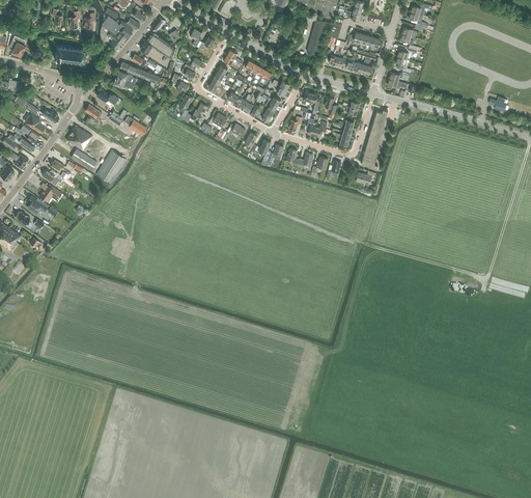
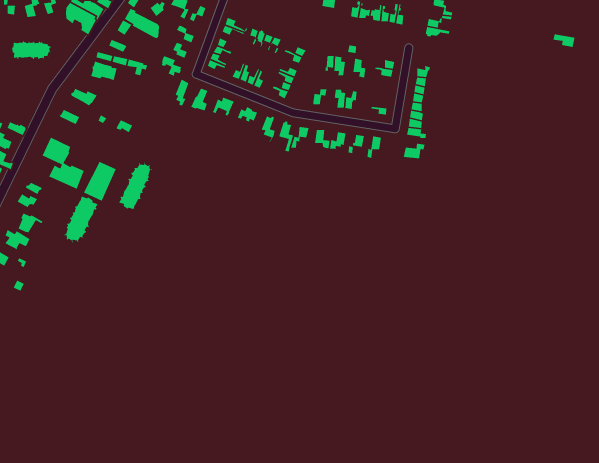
building: none -> [118,161,153,210]
building: none -> [63,196,99,243]

